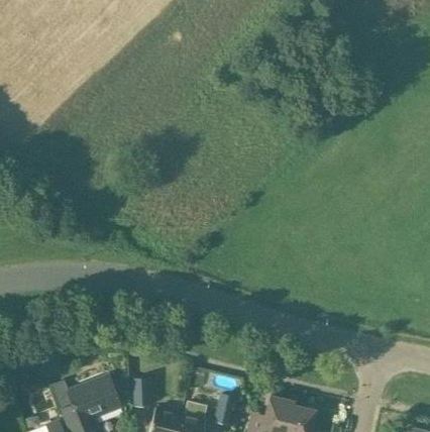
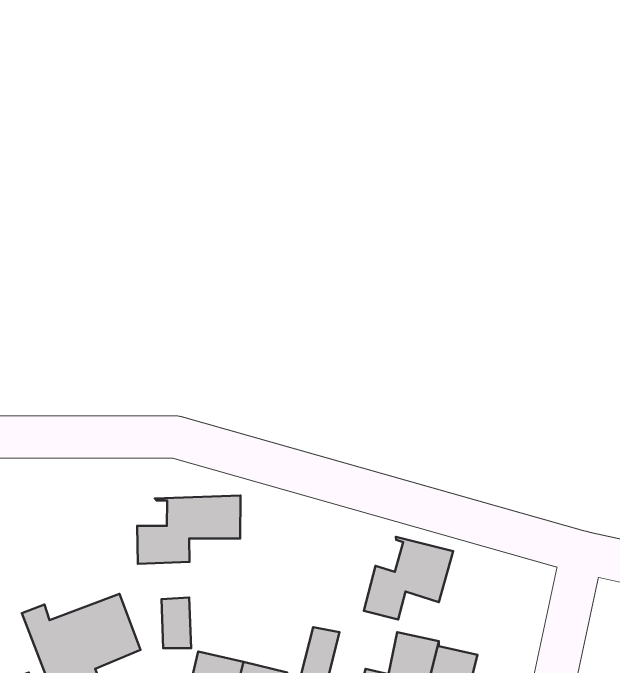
building: none -> [137,496,241,564]
building: none -> [364,537,453,619]

